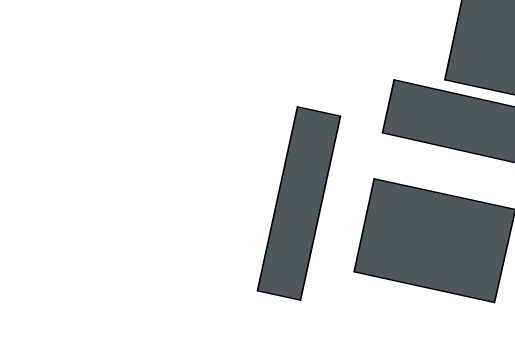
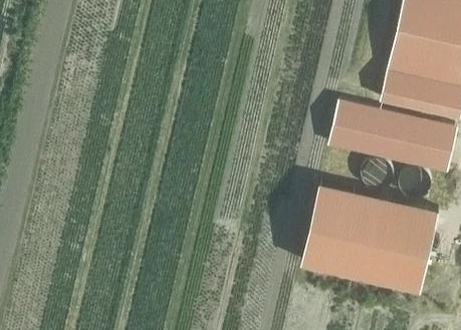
building: [258,107,341,300] -> none

